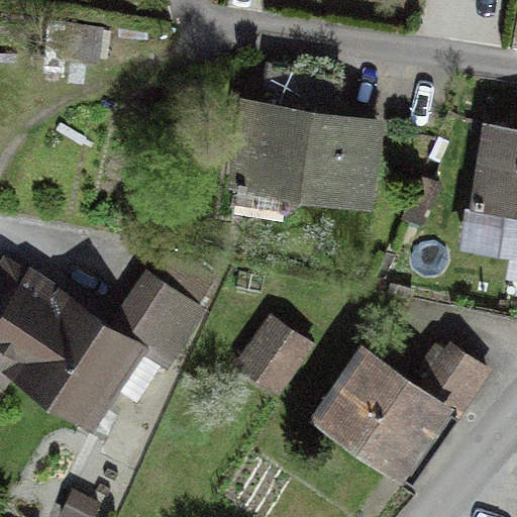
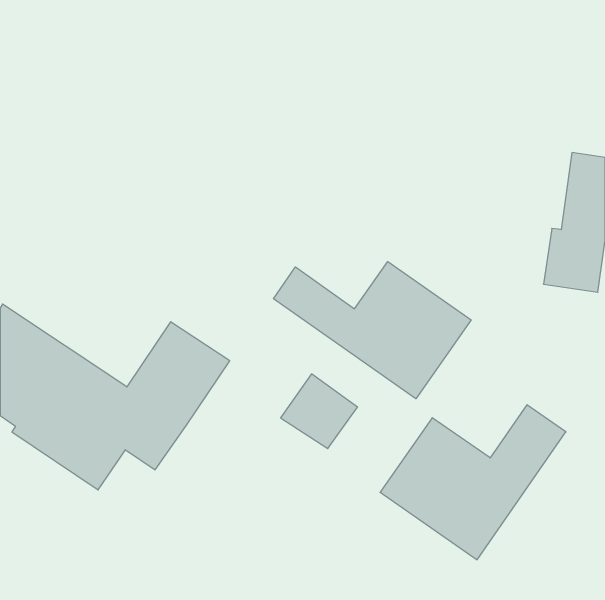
building: [231,71,372,201] -> none
building: none -> [273,262,471,399]

